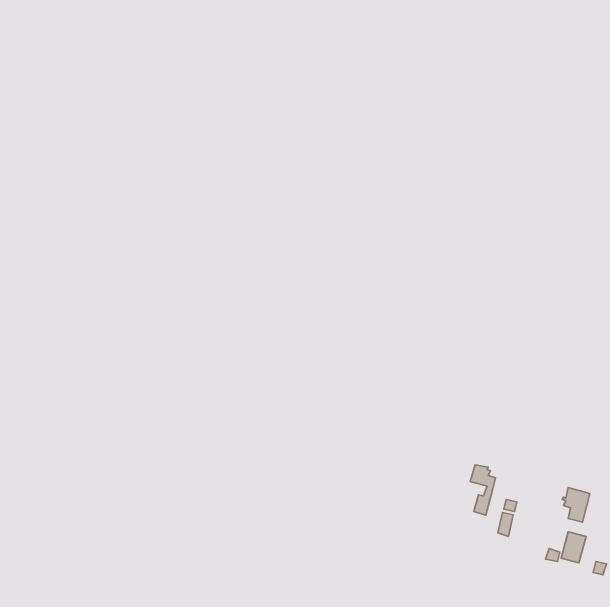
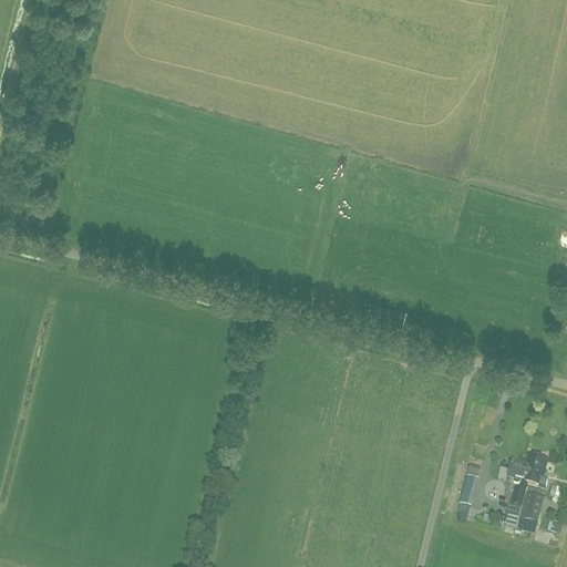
building: [470,465,495,515] -> [506,458,529,505]

